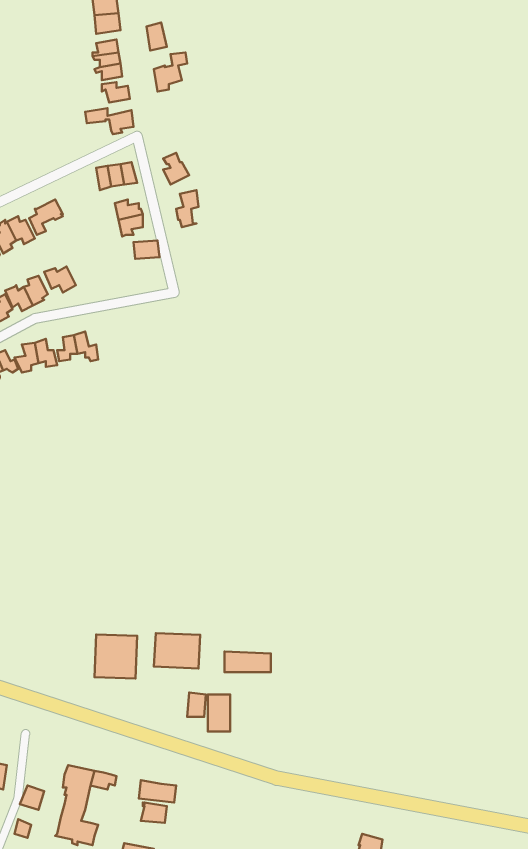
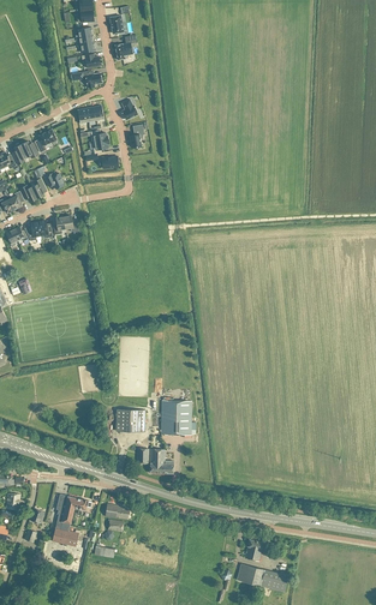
building: none -> [161,401,192,423]
building: [95,634,137,678] -> none

